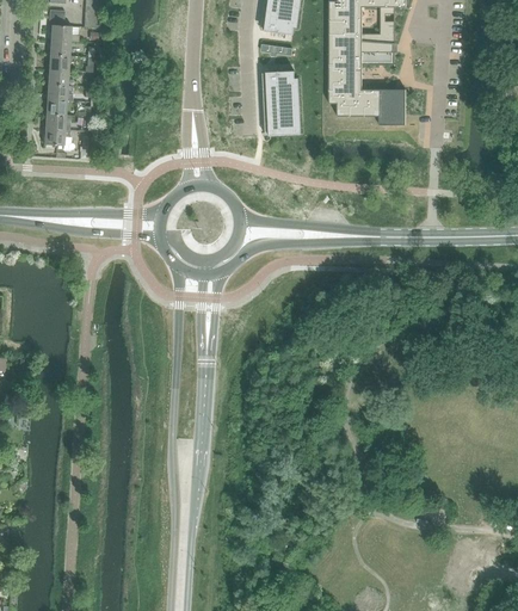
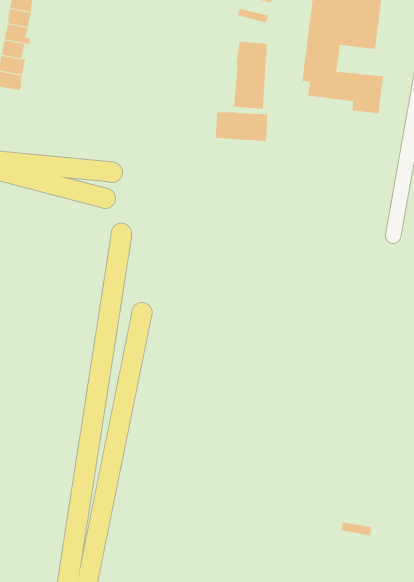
building: none -> [215,111,268,142]

